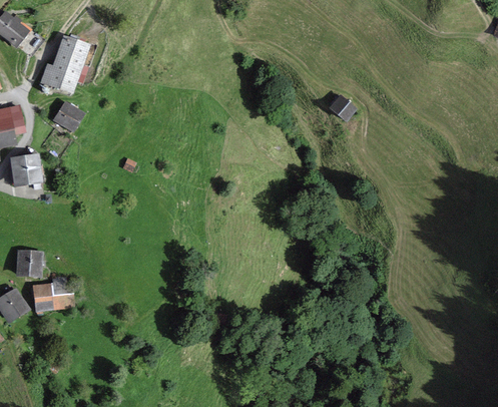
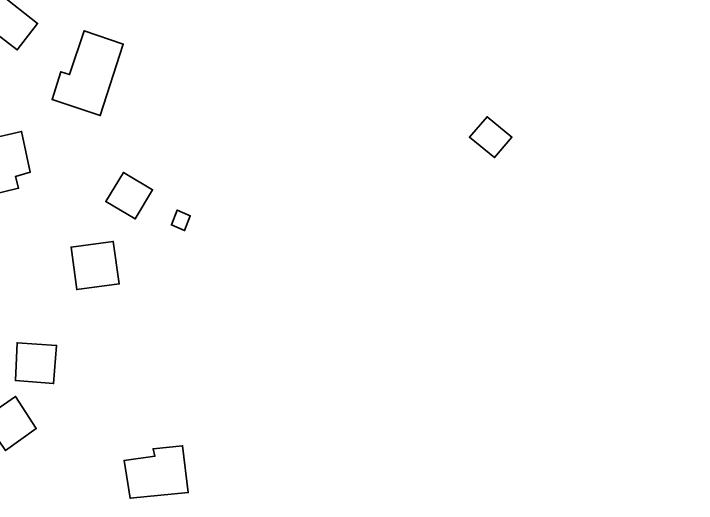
building: [53,101,85,133] -> [106,172,153,219]
building: [10,153,43,186] -> [71,241,119,290]
building: [32,276,76,312] -> [124,446,188,498]

